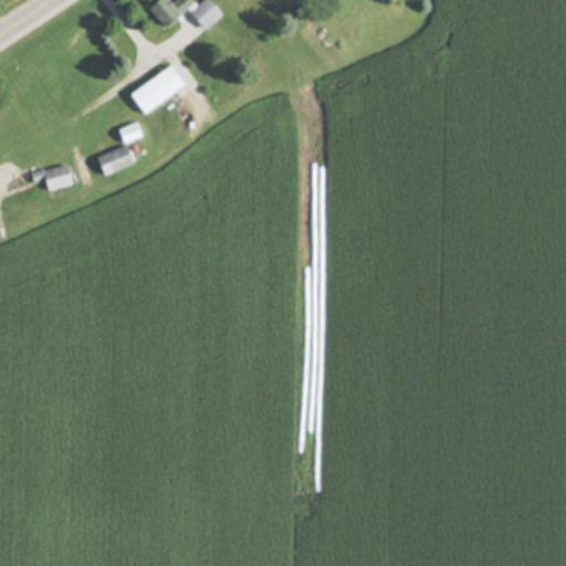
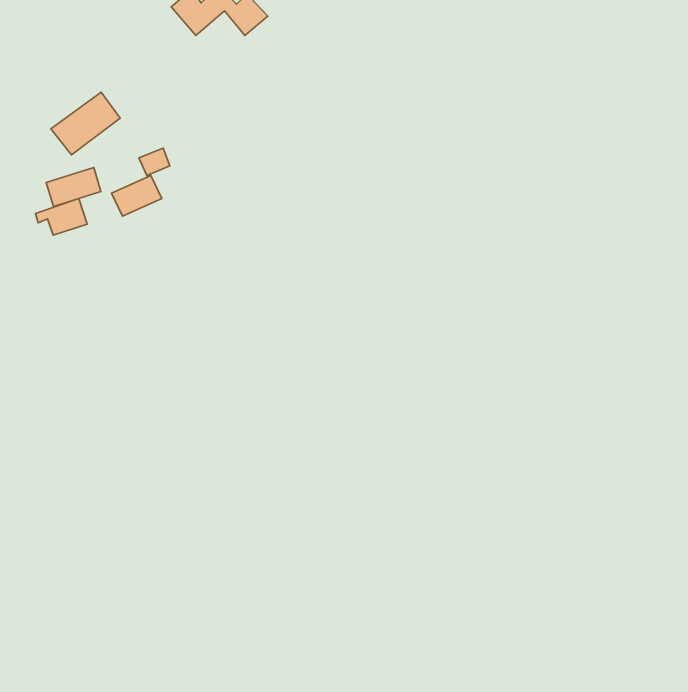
building: [128,63,185,114] -> [51,92,120,155]
building: none -> [46,167,101,207]

